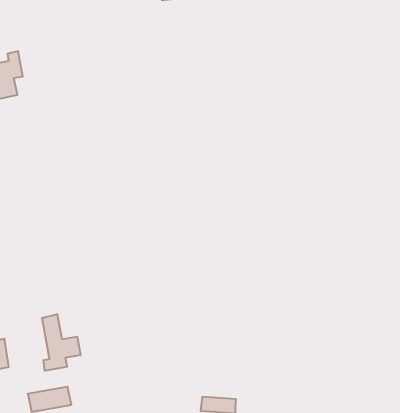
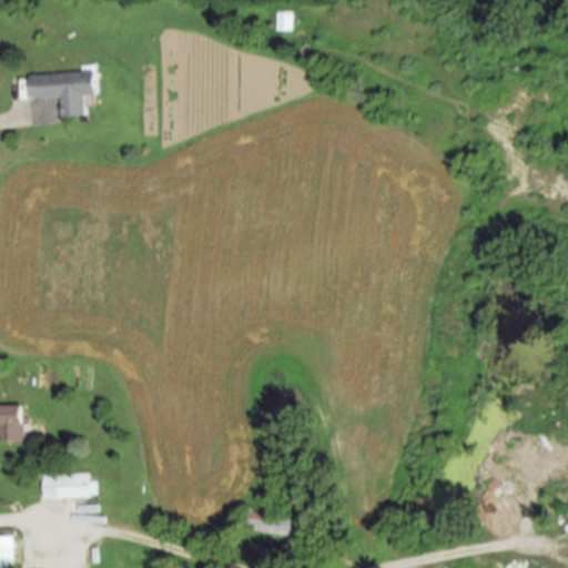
building: [42,314,80,371] -> none

